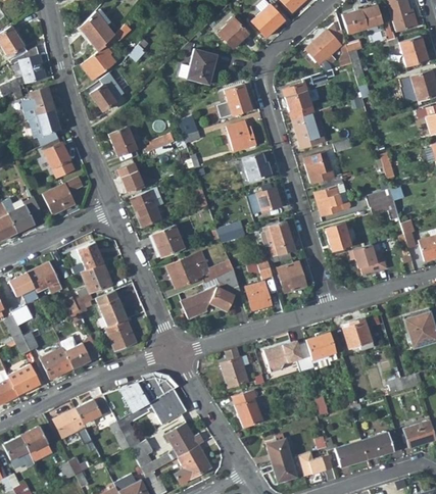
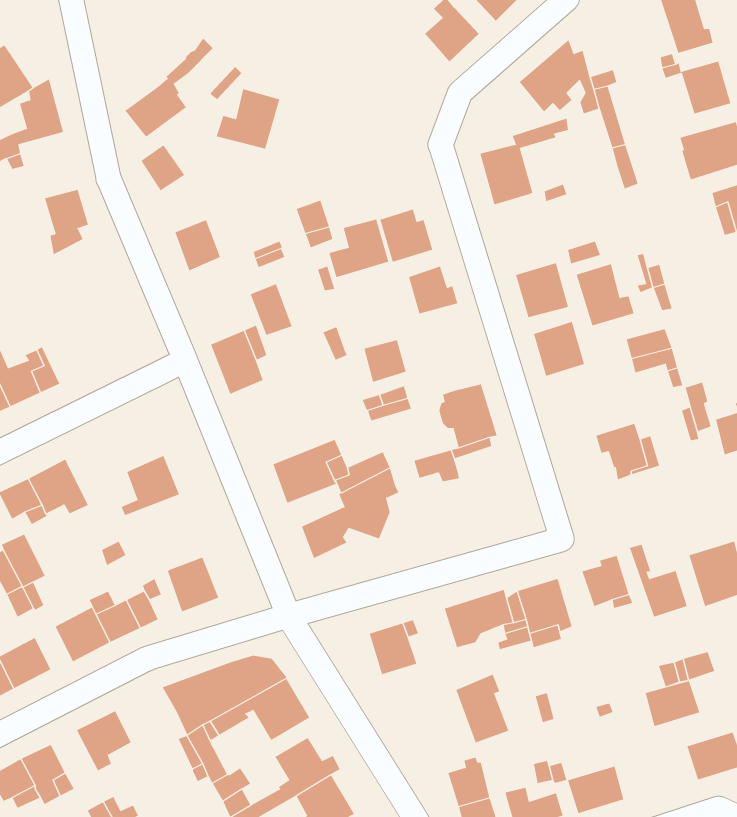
building: [344,5,383,34] -> none
building: [79,7,115,51] -> none
building: [219,18,249,48] -> none
building: [181,49,217,84] -> [216,88,280,149]
building: [216,85,251,118] -> [329,219,389,278]
building: [22,87,54,114] -> none
building: [292,112,326,148] -> [576,264,635,326]
building: [40,138,74,179] -> none
building: [118,163,143,193] -> [250,284,293,335]
building: [44,178,84,215] -> none
building: [256,187,281,211] -> [364,340,406,382]
building: [326,224,349,250] -> none
building: [151,226,183,257] -> none
building: [77,243,103,270] -> none
building: [277,261,304,292] -> none
building: [246,282,272,310] -> none
building: [96,291,126,327] -> none
building: none -> [629,544,688,617]
building: [232,387,262,427] -> [456,674,509,743]
building: [76,394,110,428] -> none
building: [361,432,393,458] -> [645,680,700,727]

